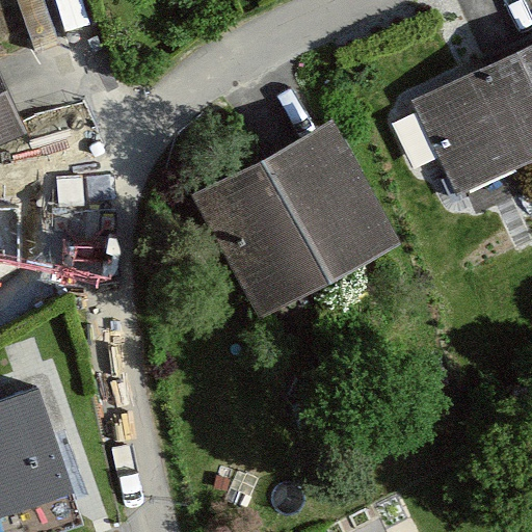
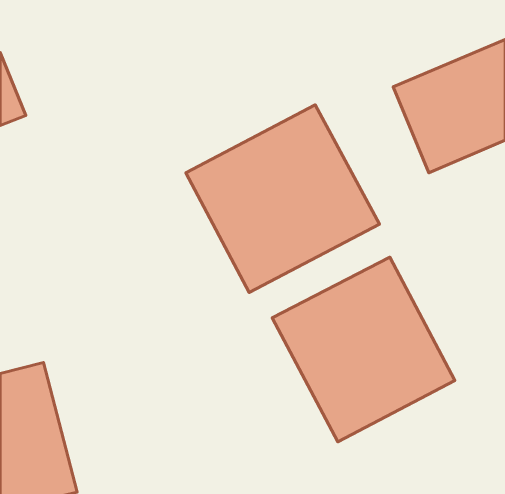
building: none -> [272,257,455,442]

